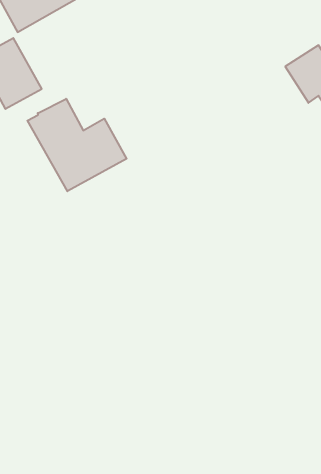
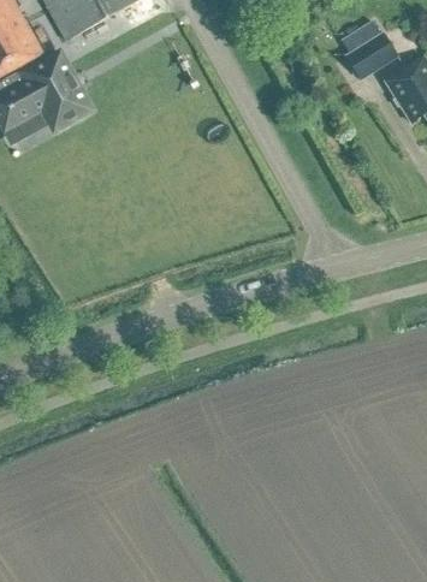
building: none -> [339,20,398,81]
building: [27,99,127,191] -> none

